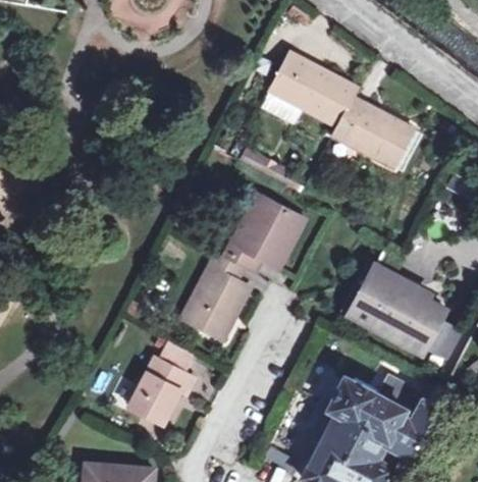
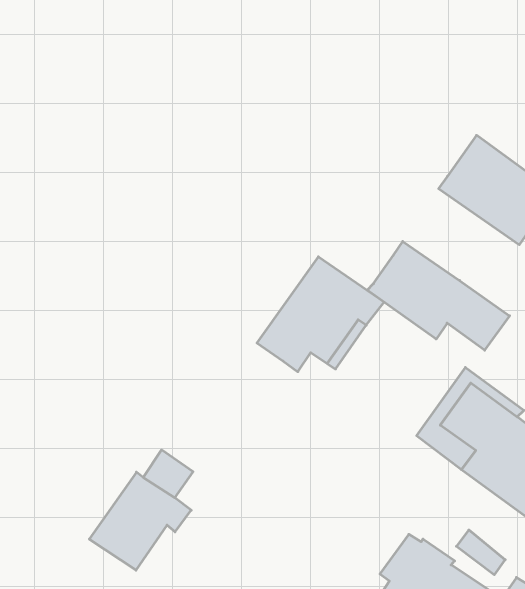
building: [273,53,362,128] -> none
building: none -> [367,241,510,350]
building: [180,254,249,340] -> none

